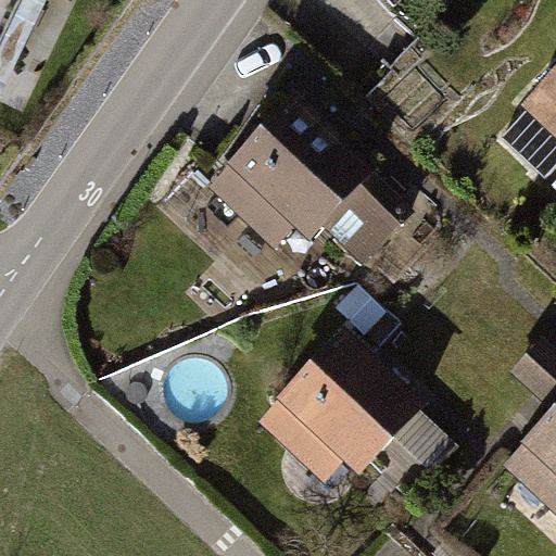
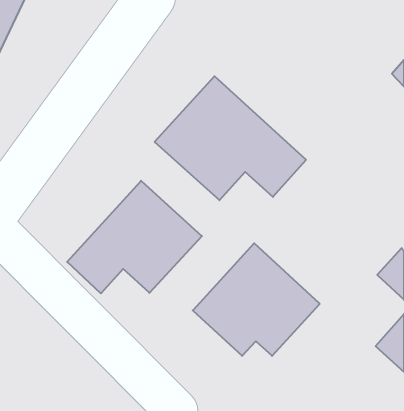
building: none -> [67,181,202,293]

